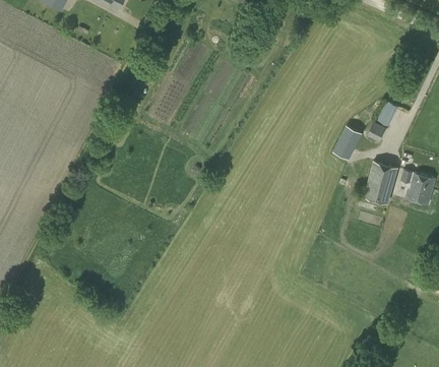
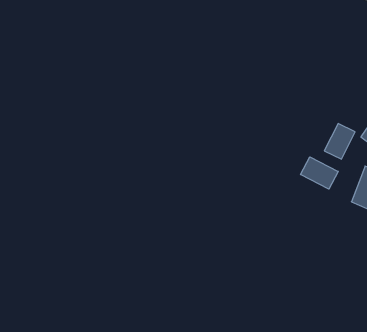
building: none -> [301,157,338,189]

